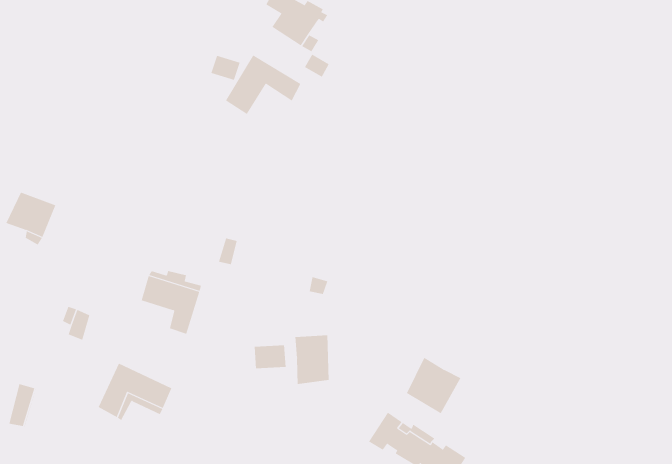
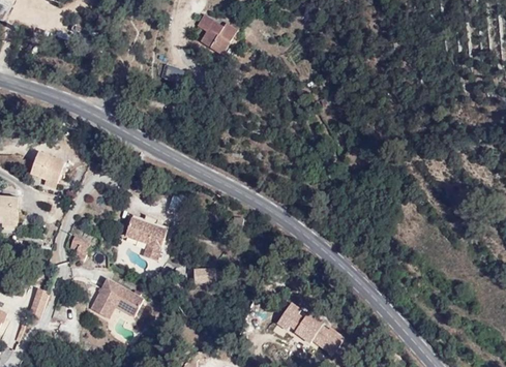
building: [225,54,301,115] -> none
building: [295,335,329,385] -> none
building: [406,357,461,414] -> none

